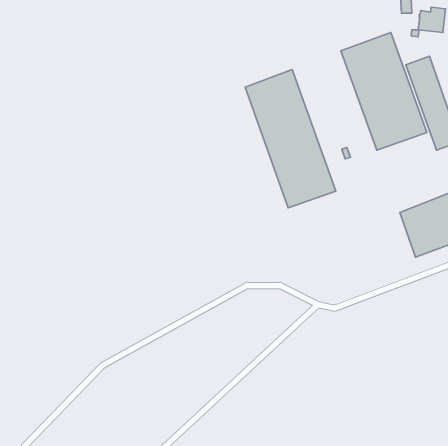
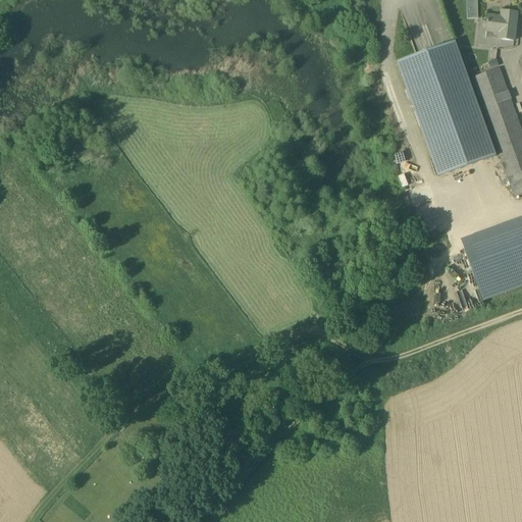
building: [245,70,336,208] -> none

